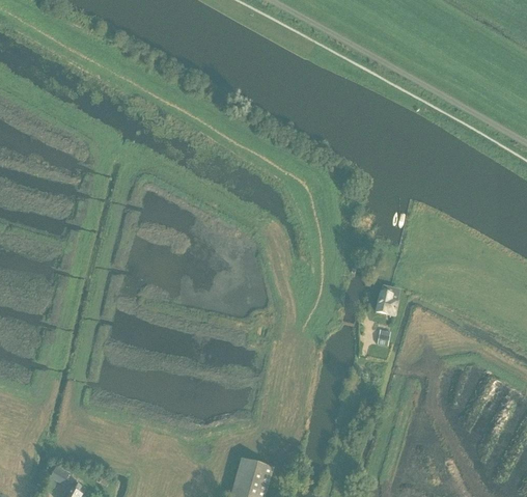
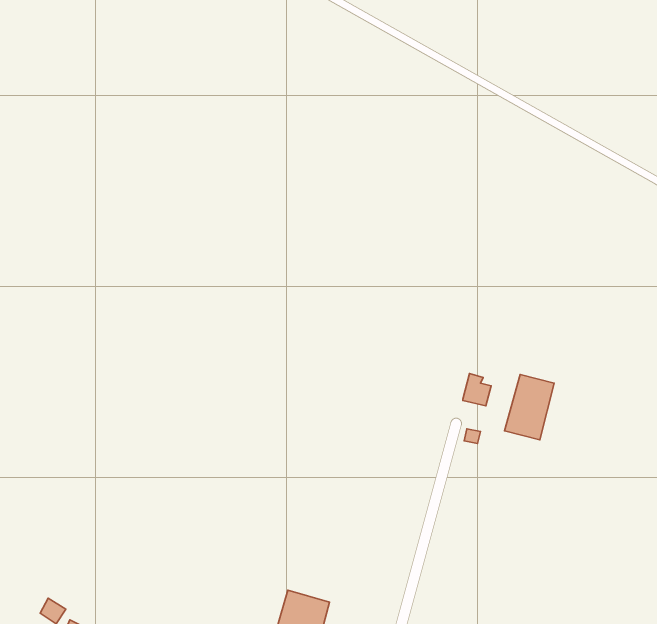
building: none -> [505,374,554,440]

